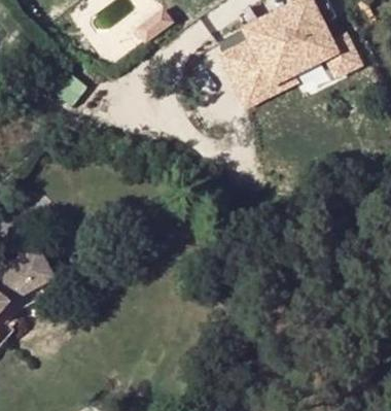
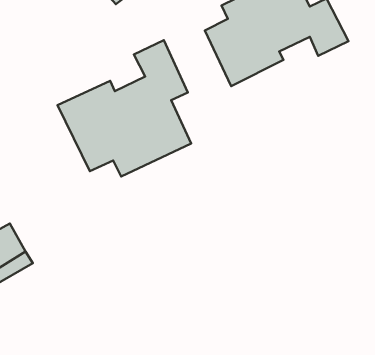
building: none -> [57,40,191,176]

